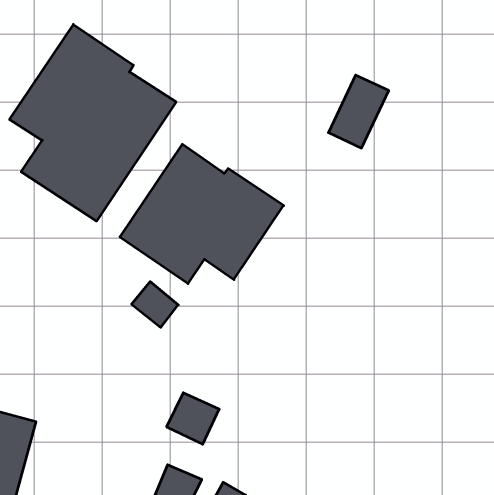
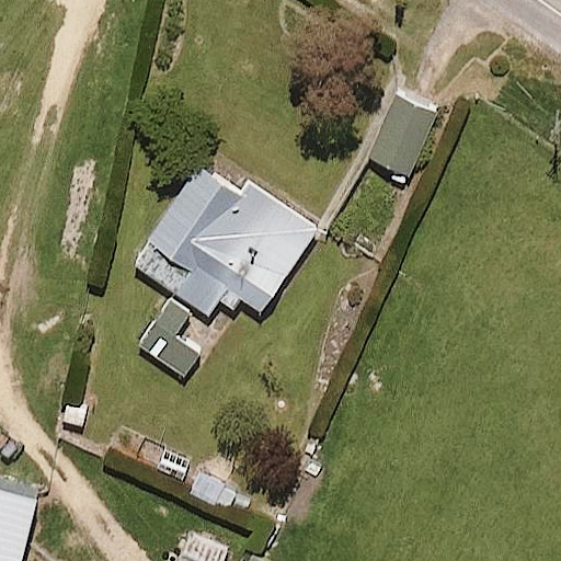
building: [10,24,176,221] -> none

